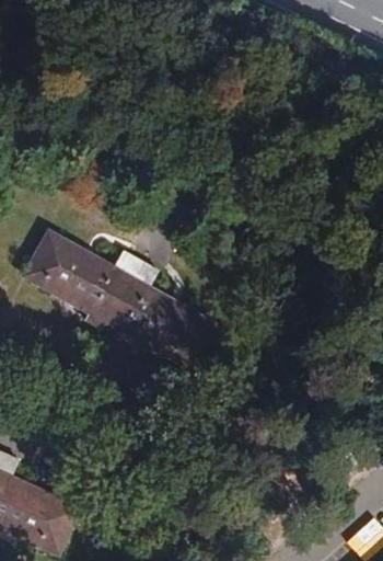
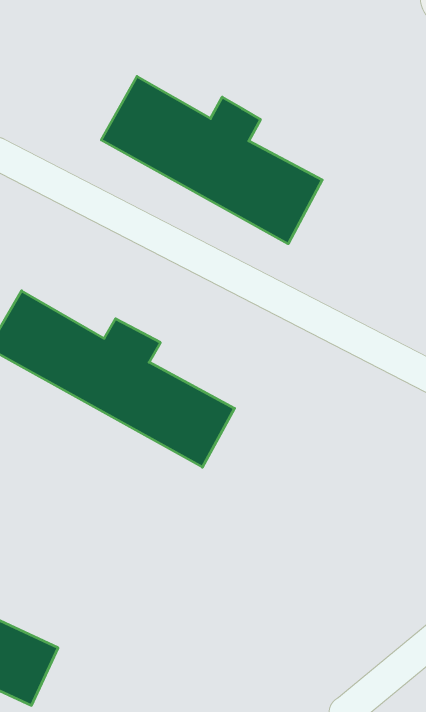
building: none -> [101,76,322,244]

